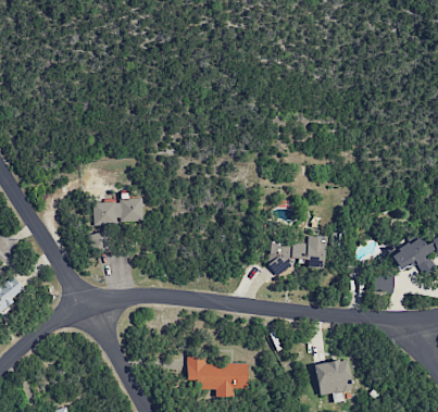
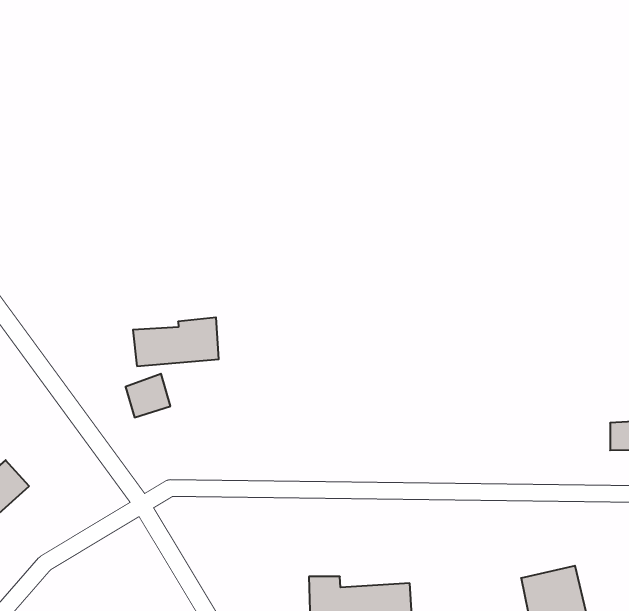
building: [270,236,326,271] -> none

